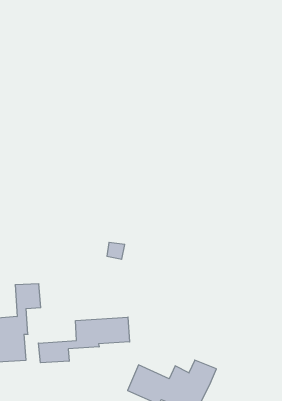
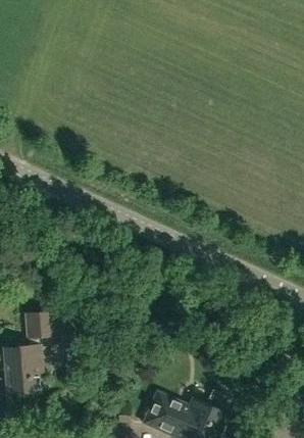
building: [38,317,130,363] -> none

